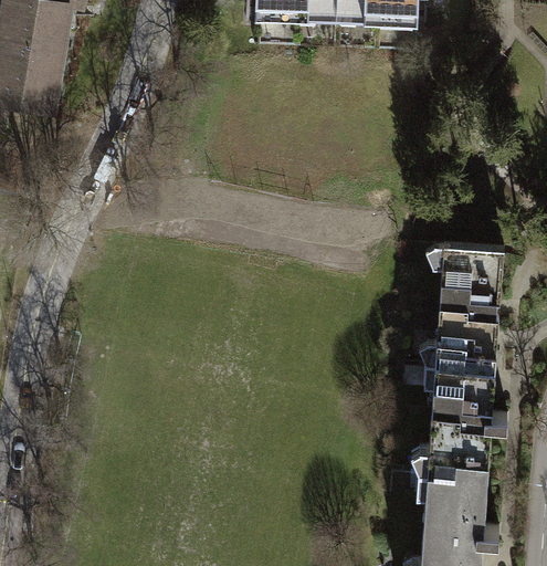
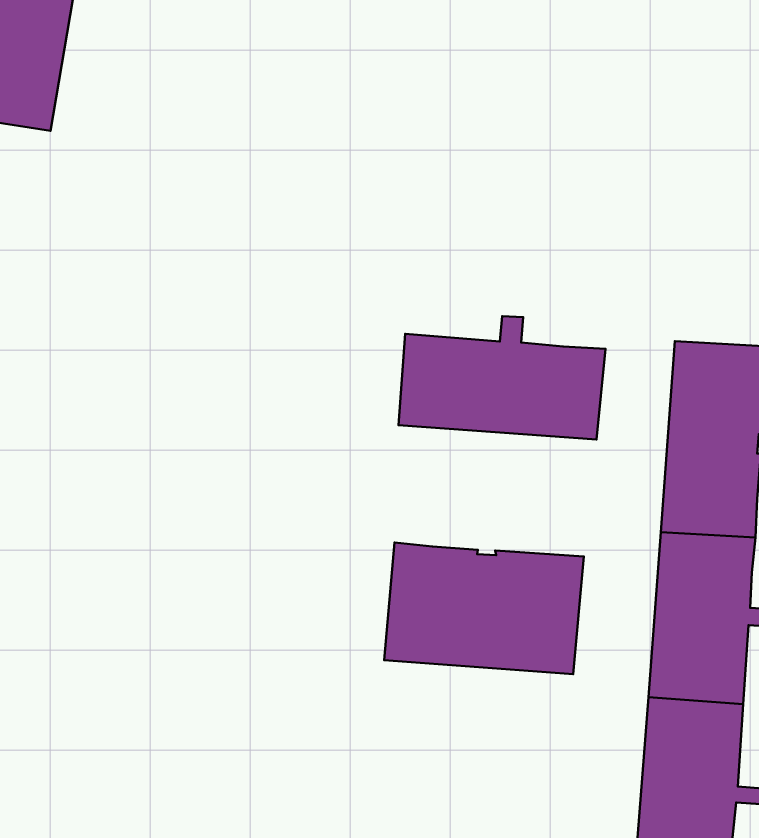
building: none -> [398,316,605,440]
building: none -> [384,542,584,674]

